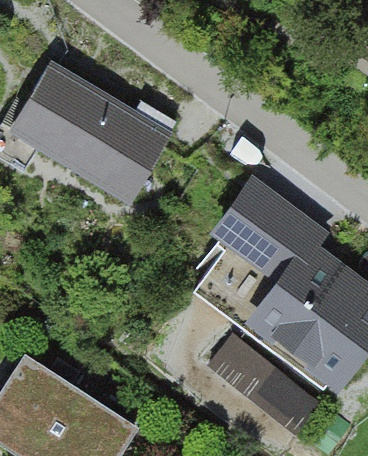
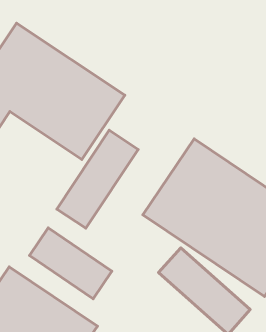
building: none -> [57,130,138,228]
building: none -> [29,228,112,299]

